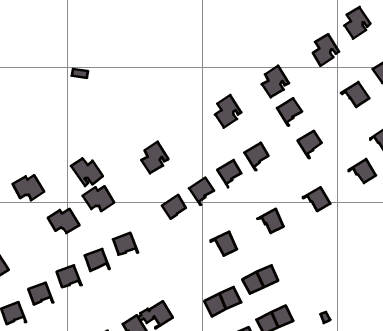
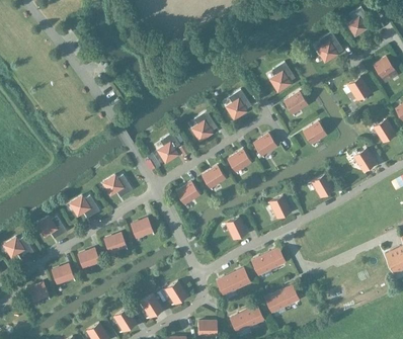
building: none -> [191,111,217,141]
building: [71,158,103,186] -> none
building: [13,175,44,200] -> [36,216,66,239]

